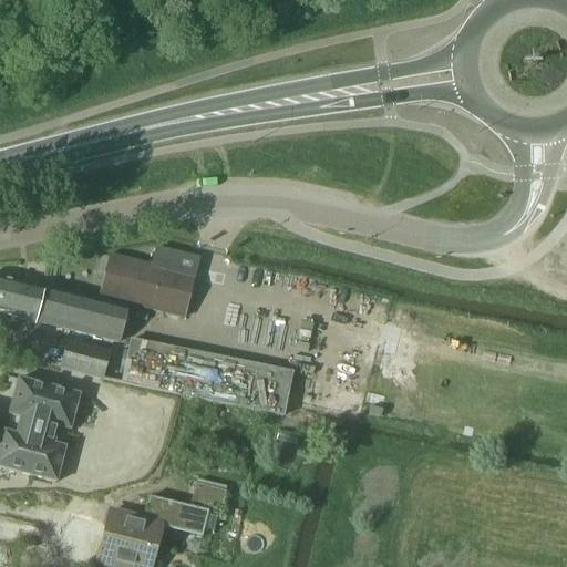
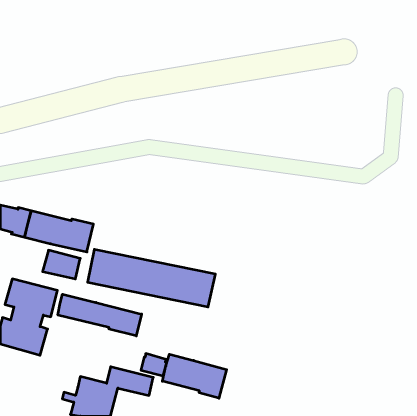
building: [100,245,199,315] -> none
building: none -> [58,294,142,336]
building: none -> [162,354,227,398]

